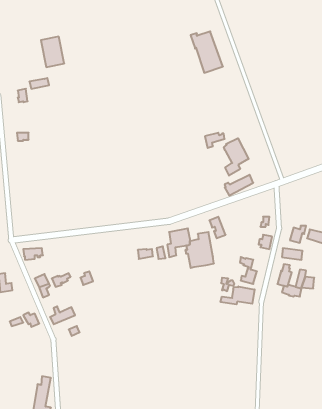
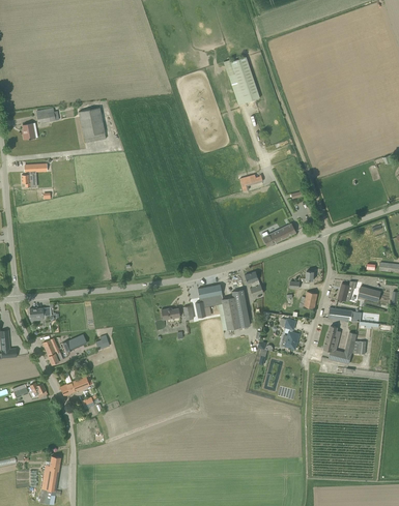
building: [41,37,64,67] -> [79,108,106,143]
building: [224,138,249,176] -> none
building: [221,286,255,304] -> none

